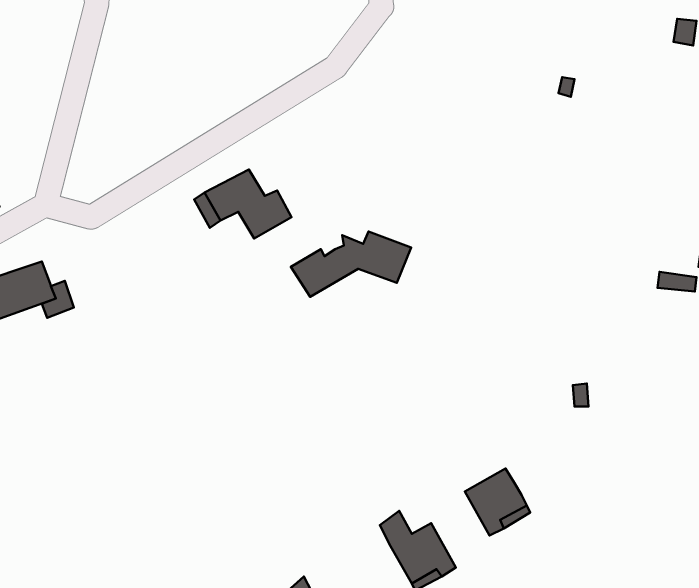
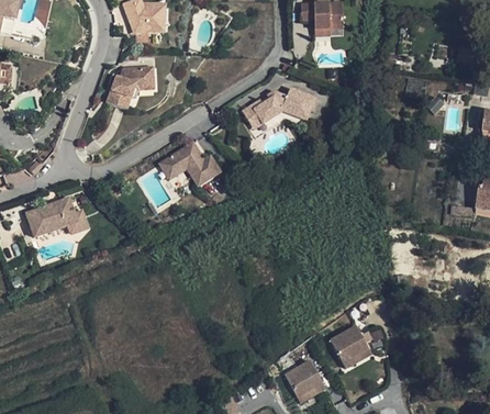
building: none -> [107,67,153,109]
building: [291,232,411,297] -> [242,88,316,128]

